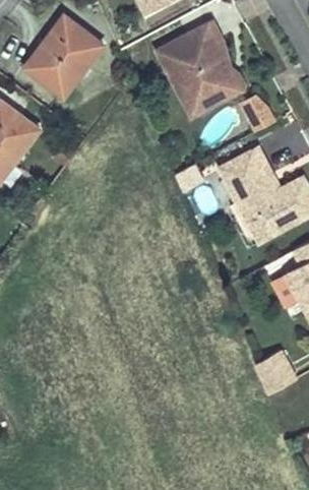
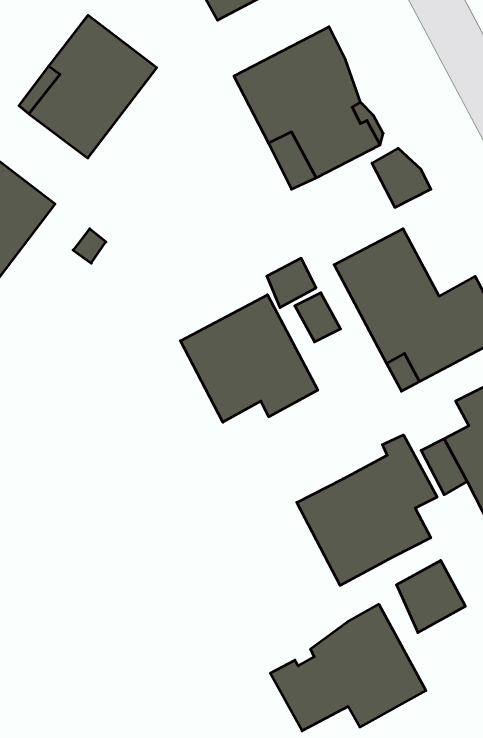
building: none -> [180,295,318,422]
building: none -> [297,435,437,585]
building: none -> [270,604,426,731]

